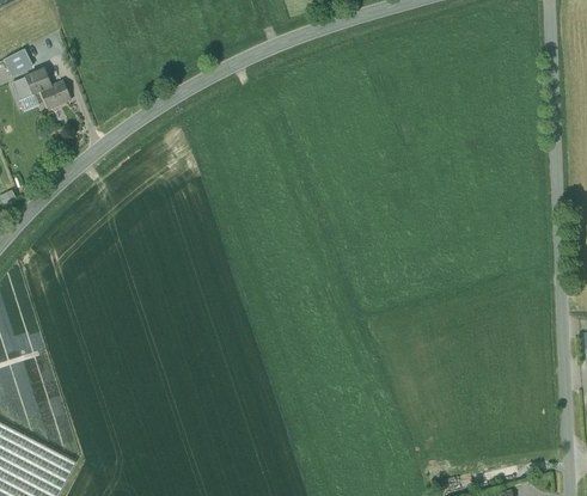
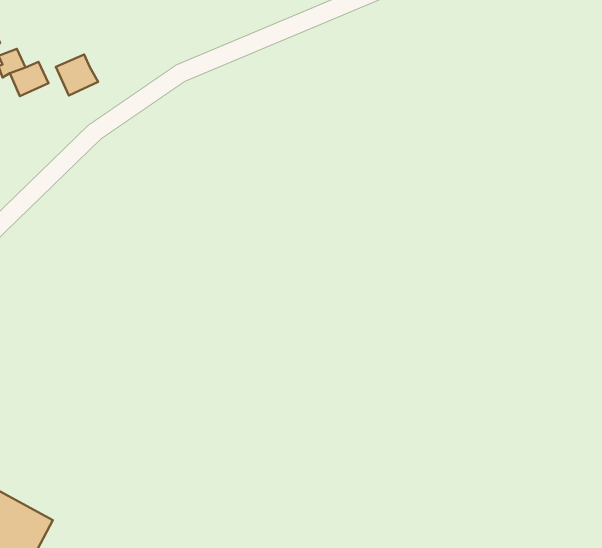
building: none -> [56,54,98,96]

